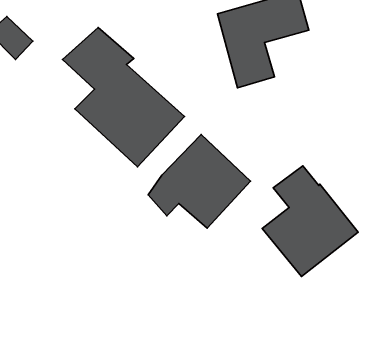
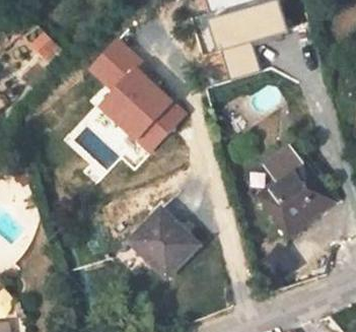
building: [148,134,250,228] -> [118,200,202,277]

